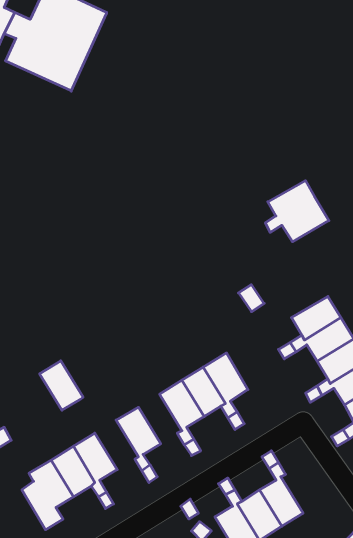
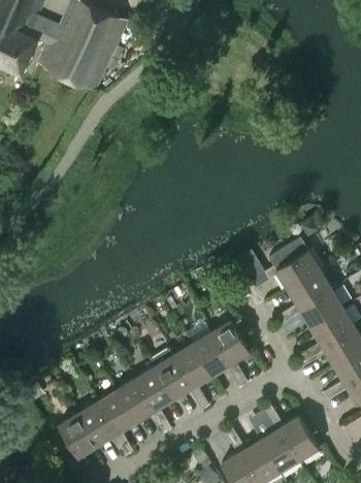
building: [265,181,329,242] -> [264,235,320,289]
building: [40,361,83,410] -> [116,379,154,422]
building: none -> [154,356,192,399]
building: none -> [278,417,318,460]

